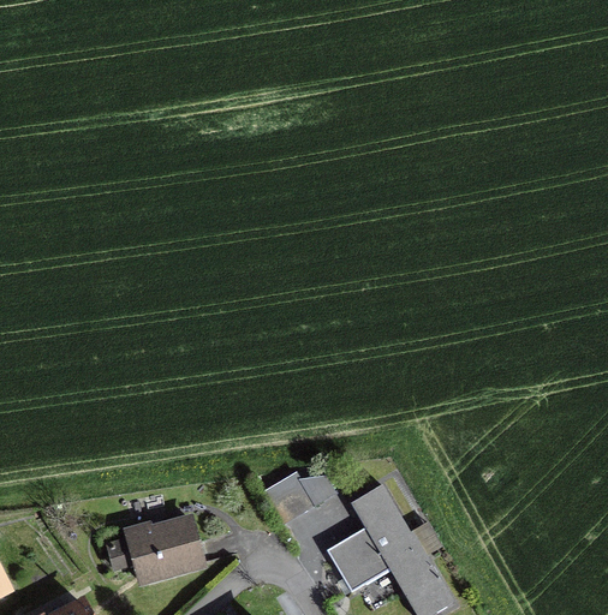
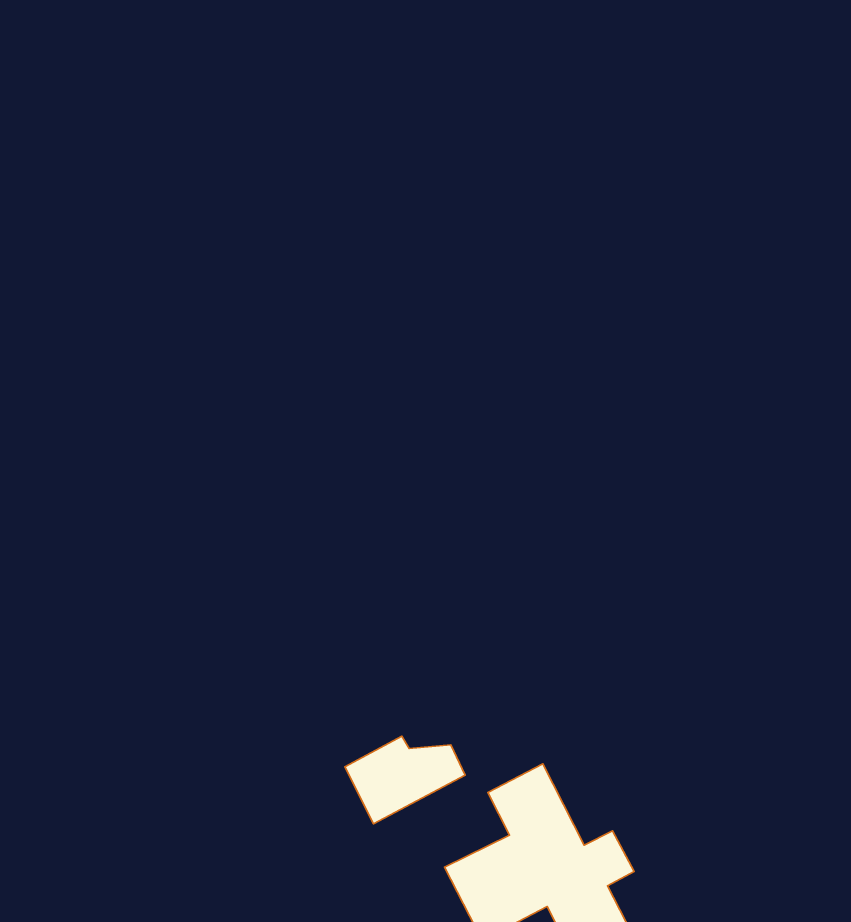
building: [105,513,207,587] -> none

